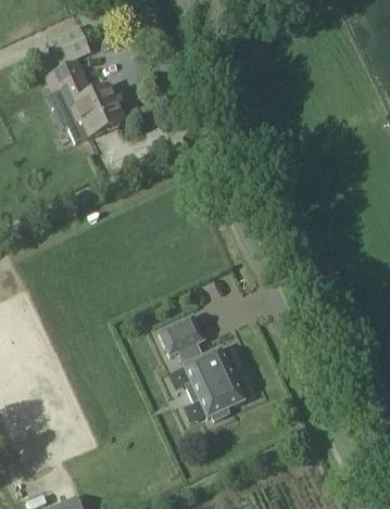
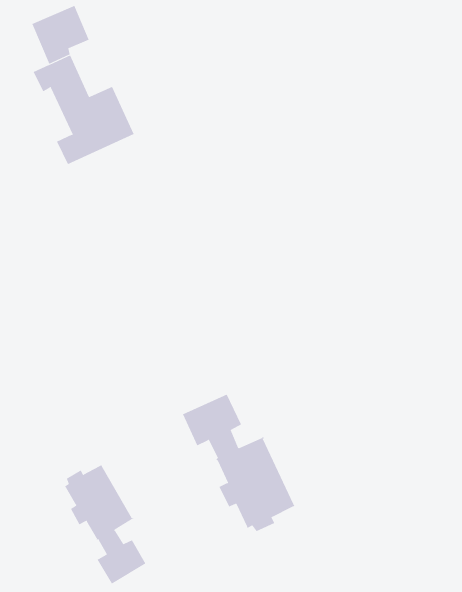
building: none -> [64,464,146,584]

